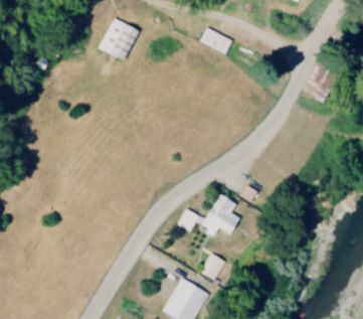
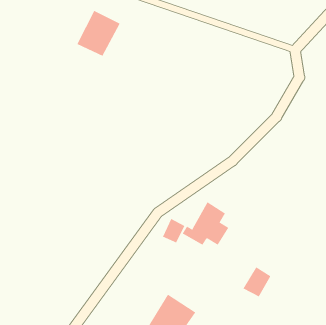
building: [199,27,232,53] -> none
building: [199,253,225,281] -> [243,266,271,297]

